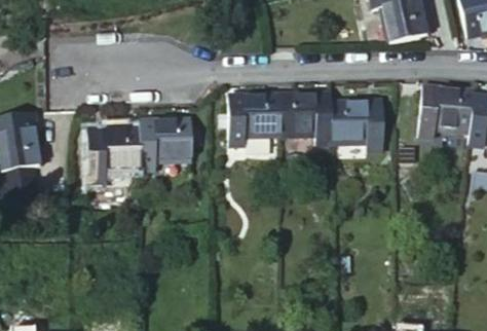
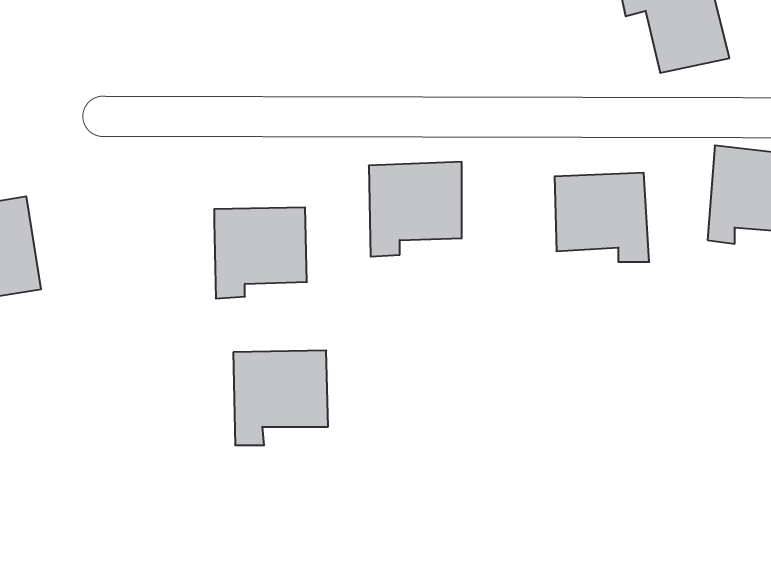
building: [279,93,333,144] -> none
building: [87,127,141,181] -> [233,350,328,445]

